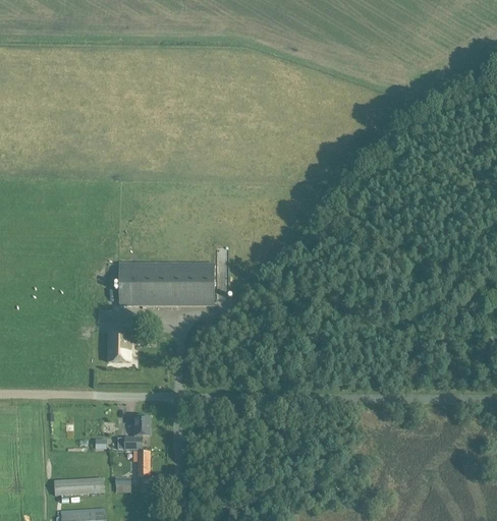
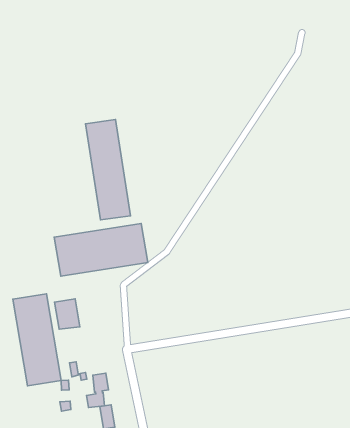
building: none -> [86,119,131,220]
building: none -> [13,294,61,386]

